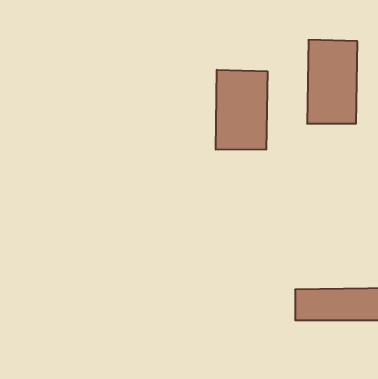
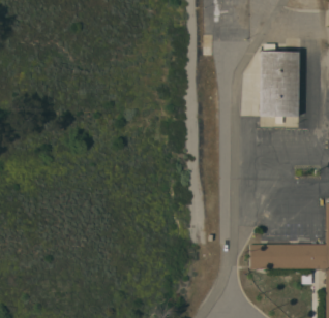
building: [216,70,267,150] -> none

